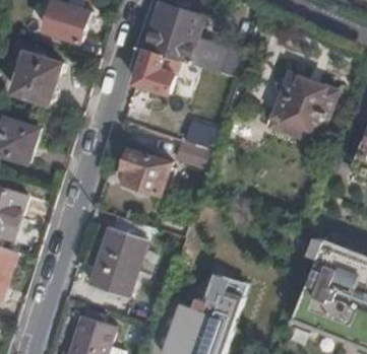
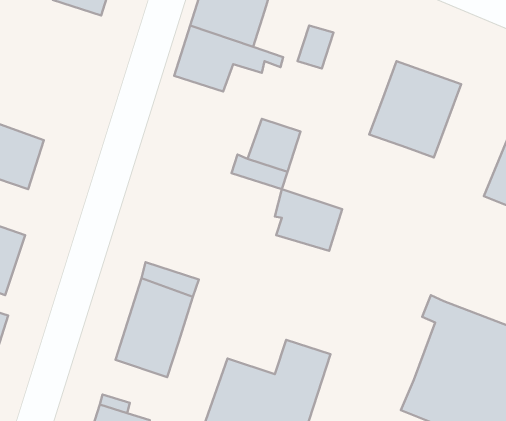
building: [187,38,227,73] -> none
building: [12,52,61,102] -> none
building: [122,149,170,193] -> [275,189,342,251]

